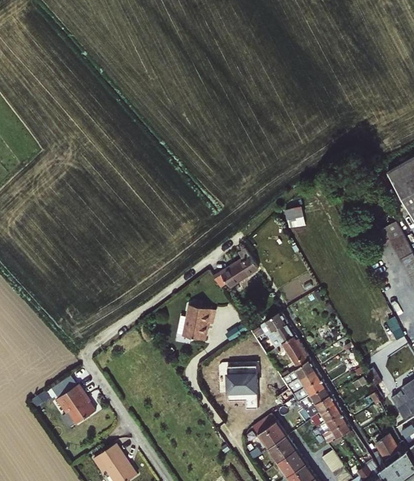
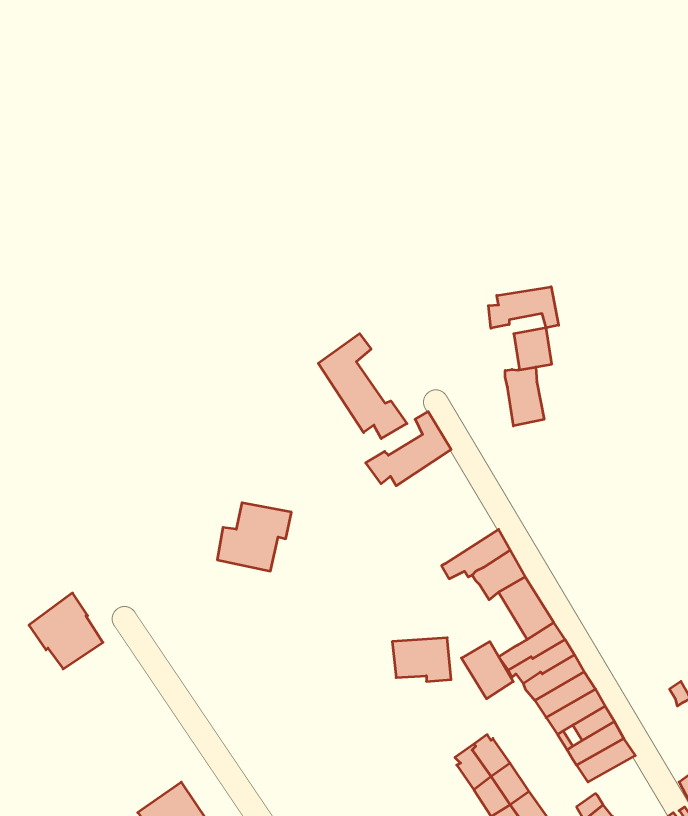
building: none -> [488,287,559,328]
building: none -> [318,334,407,439]
building: none -> [505,367,544,426]
building: [174,305,213,341] -> [217,503,291,571]
building: none -> [461,642,513,699]
building: [55,385,94,425] -> [29,593,103,669]

